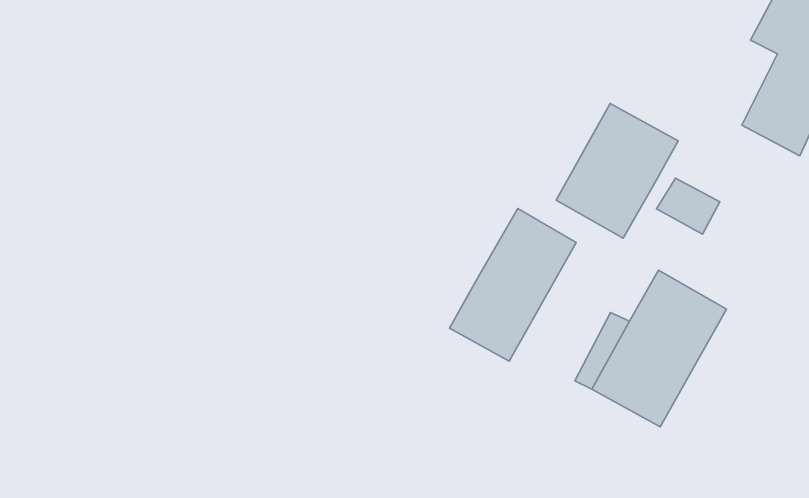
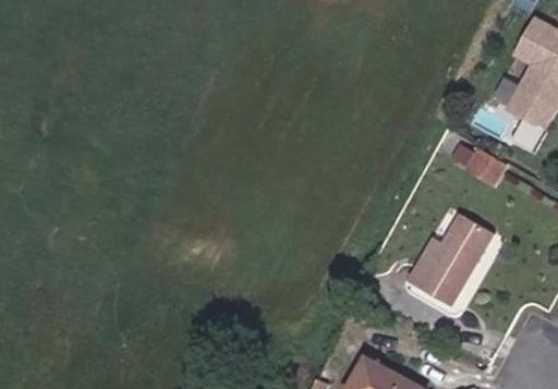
building: [556,104,678,238] -> none
building: [449,209,576,361] -> none

